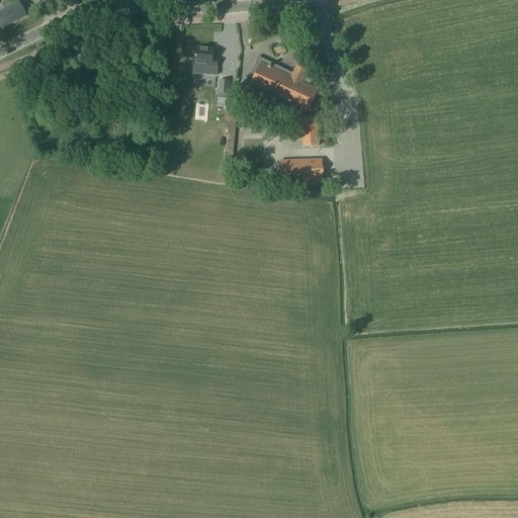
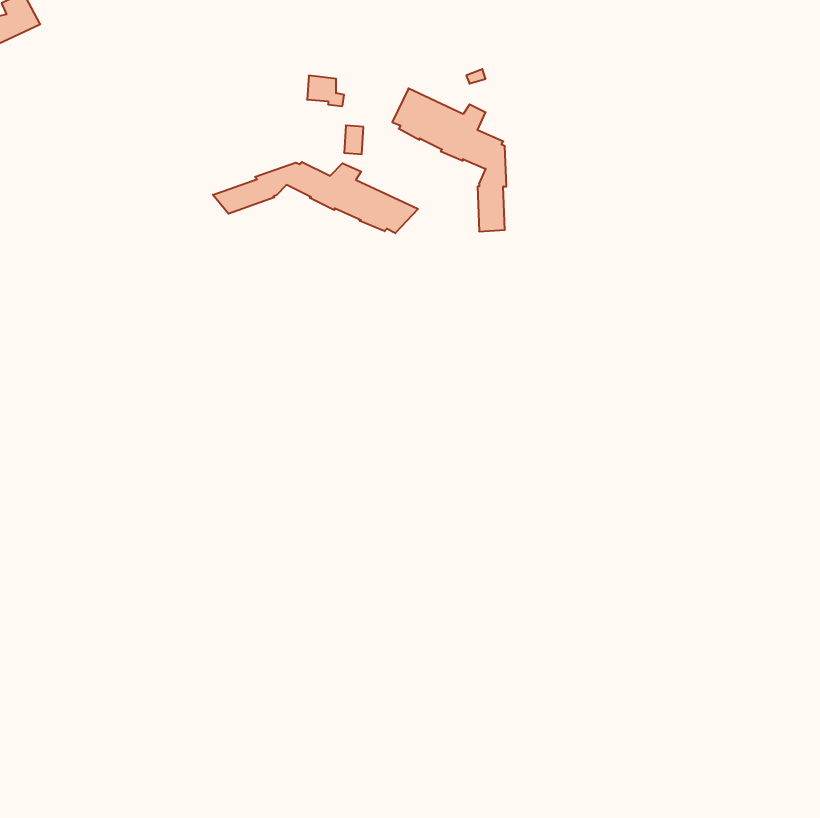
building: none -> [213,162,418,233]
building: [279,159,320,181] -> none

